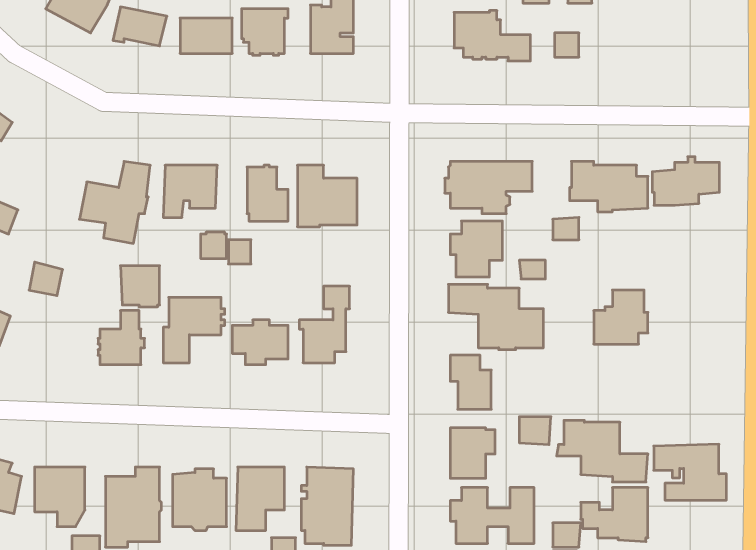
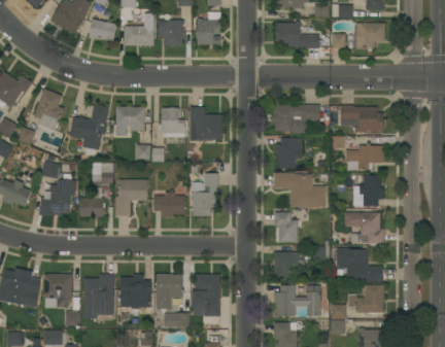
building: none -> [354,23,384,48]
building: none -> [34,89,64,133]
building: [652,157,719,205] -> [346,143,383,170]
building: none -> [39,179,76,216]
building: [654,444,726,500] -> [344,212,384,243]

